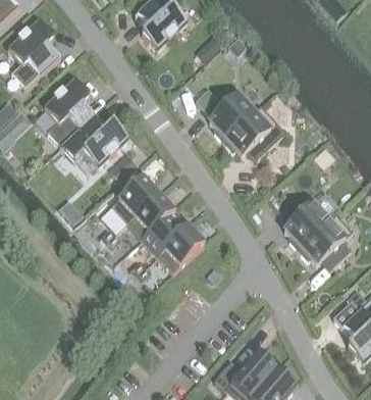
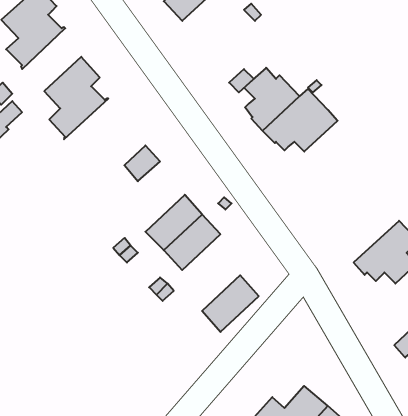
building: [59,112,128,165] -> none
building: [111,176,159,222] -> none
building: [283,193,336,248] -> none
building: [157,224,204,271] -> [202,275,259,332]

